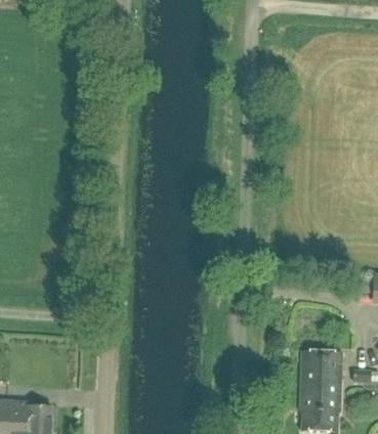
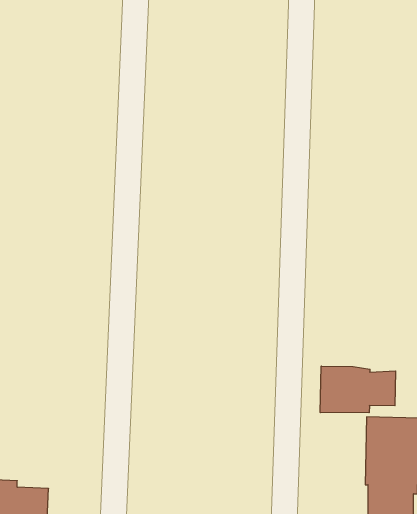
building: none -> [320,366,395,413]

